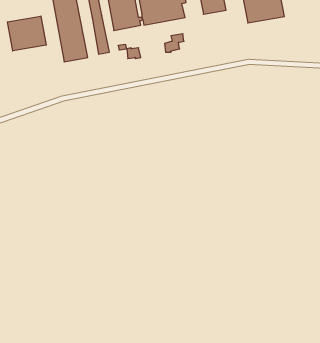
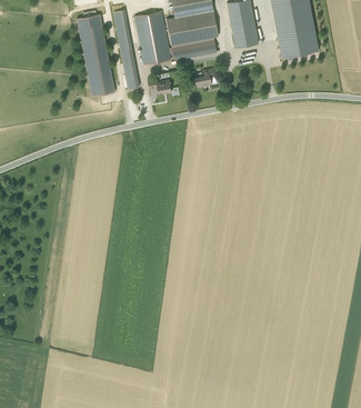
building: [7,16,46,51] -> none

